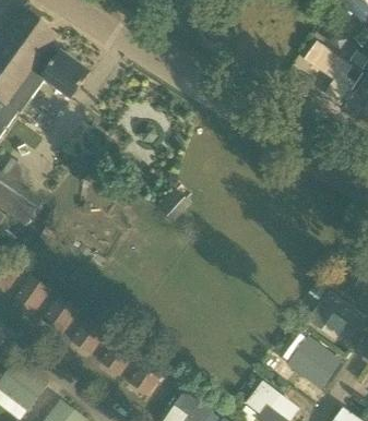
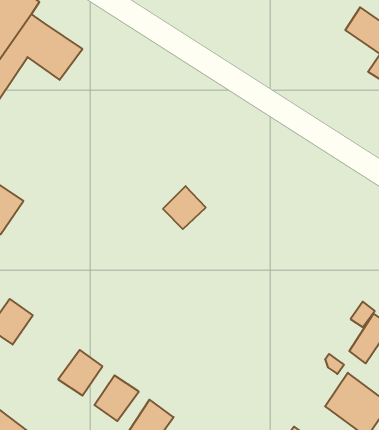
building: [44,298,80,335] -> none

